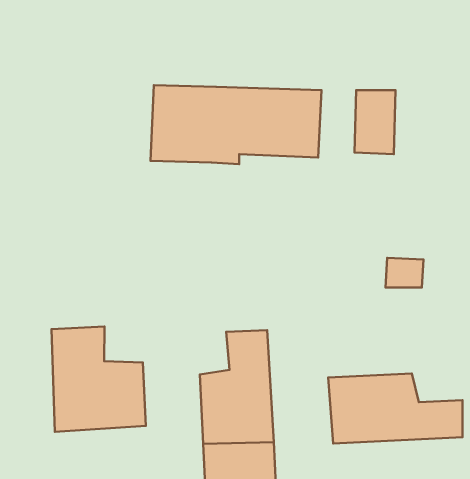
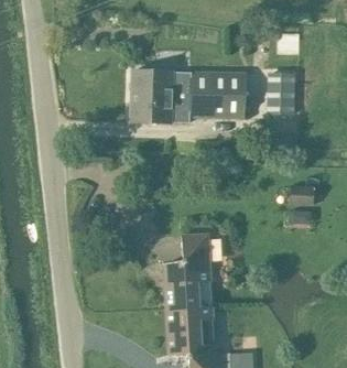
building: [52,326,146,432] -> none
building: [328,374,463,443] -> none

